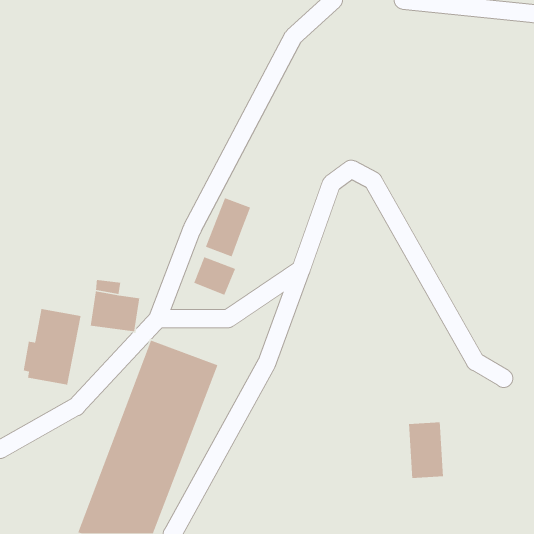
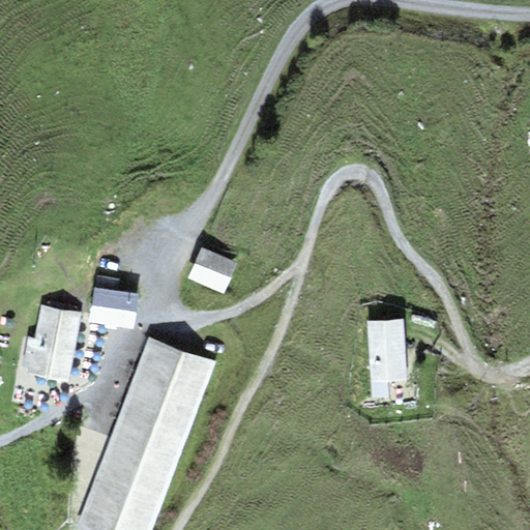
building: [205,197,251,258] -> none
building: [408,422,444,479] -> [370,321,405,378]

